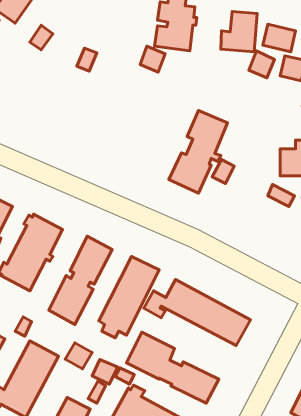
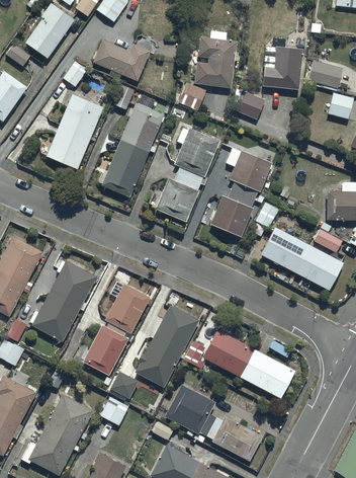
building: none -> [93,41,150,80]
building: [249,51,275,78] -> [238,92,265,121]
building: none -> [47,94,103,169]
building: none -> [99,103,164,197]
building: none -> [156,126,220,222]
building: none -> [261,227,344,291]
building: [92,359,118,384] -> [110,374,138,400]

